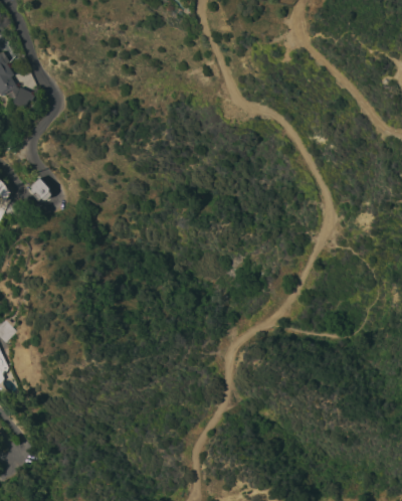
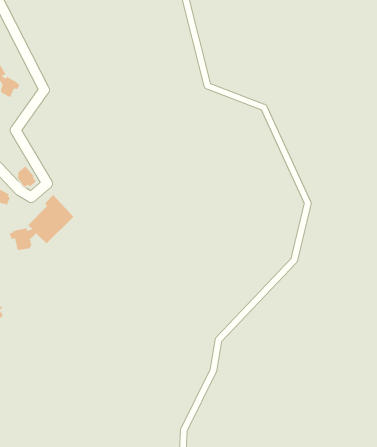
building: none -> [9,194,74,251]

